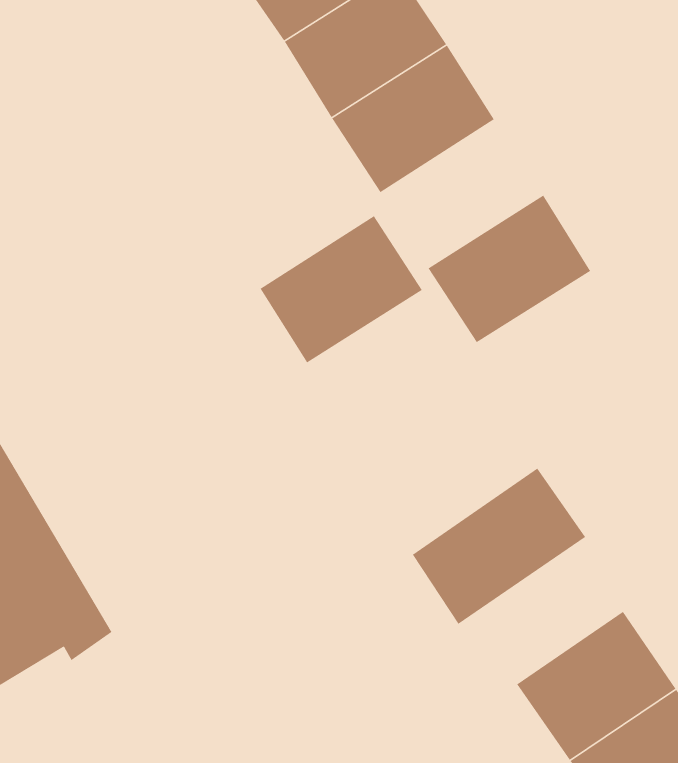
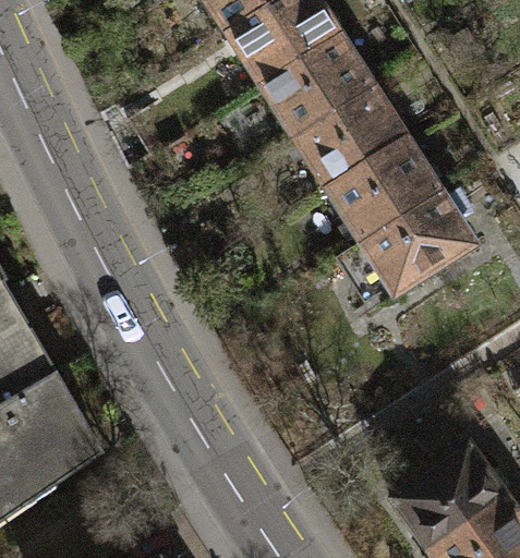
building: [259,215,423,363] -> [294,87,411,193]
building: none -> [363,195,480,301]
building: [412,468,586,625] -> none

